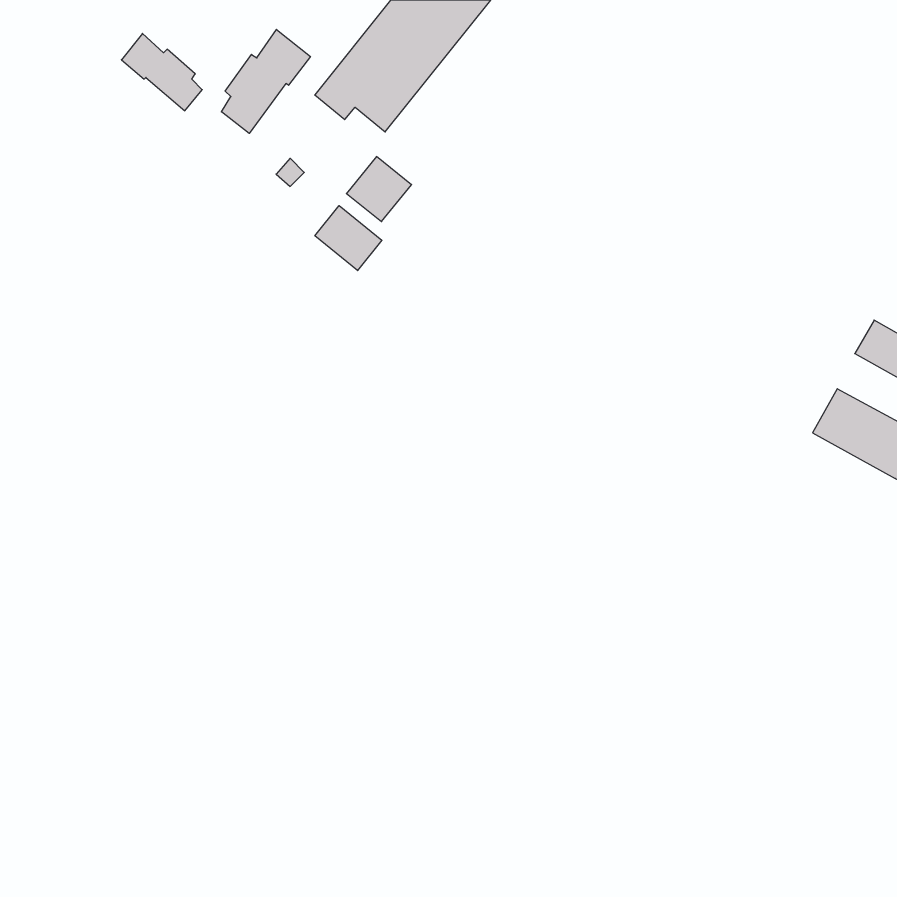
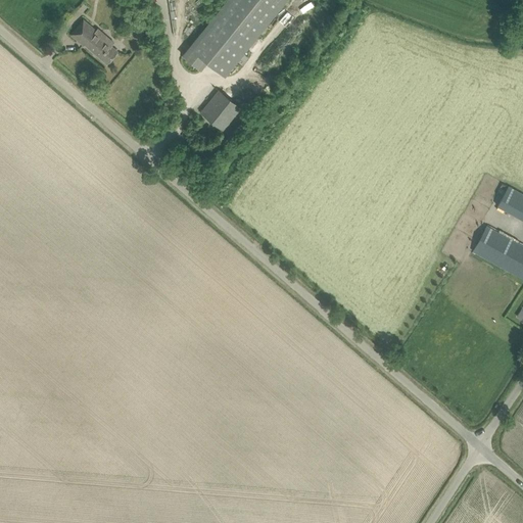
building: [221,29,310,133] -> none
building: [315,206,382,271] -> none

